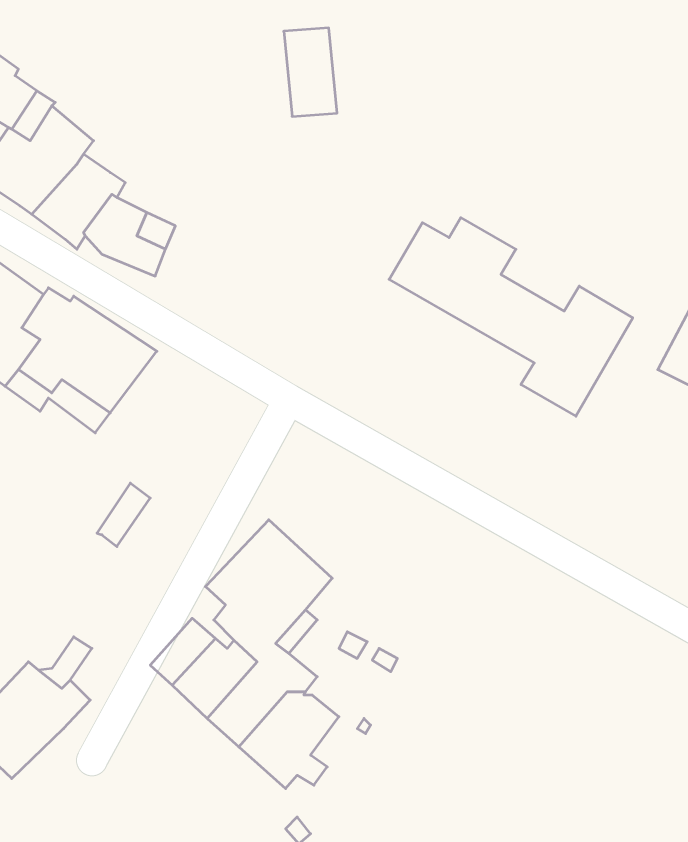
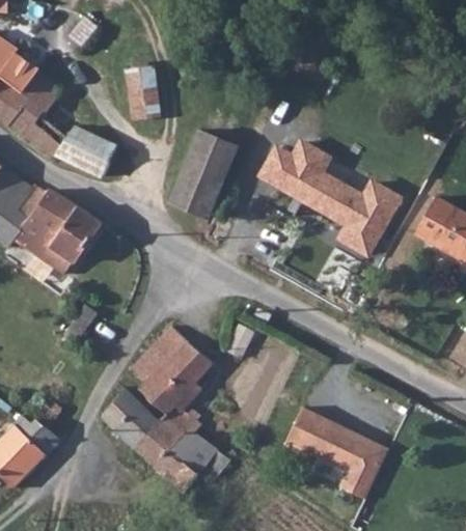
building: [284,28,337,116] -> [129,64,162,119]
building: none -> [170,130,239,219]
building: none -> [280,411,383,501]

